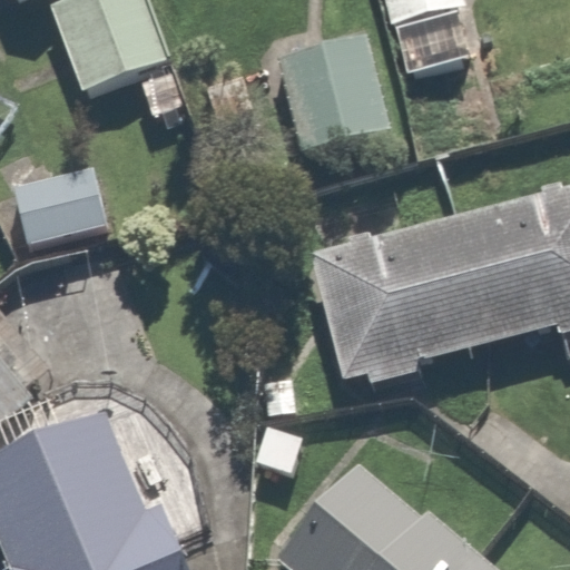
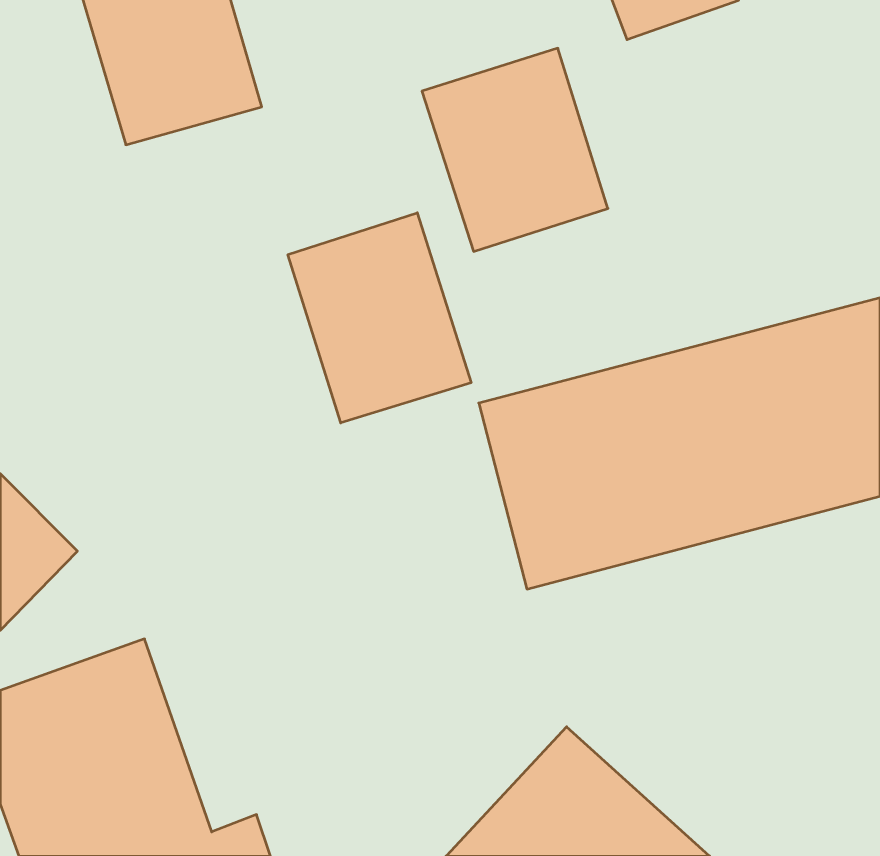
building: none -> [288,213,471,423]
building: [14,159,124,250] -> none

